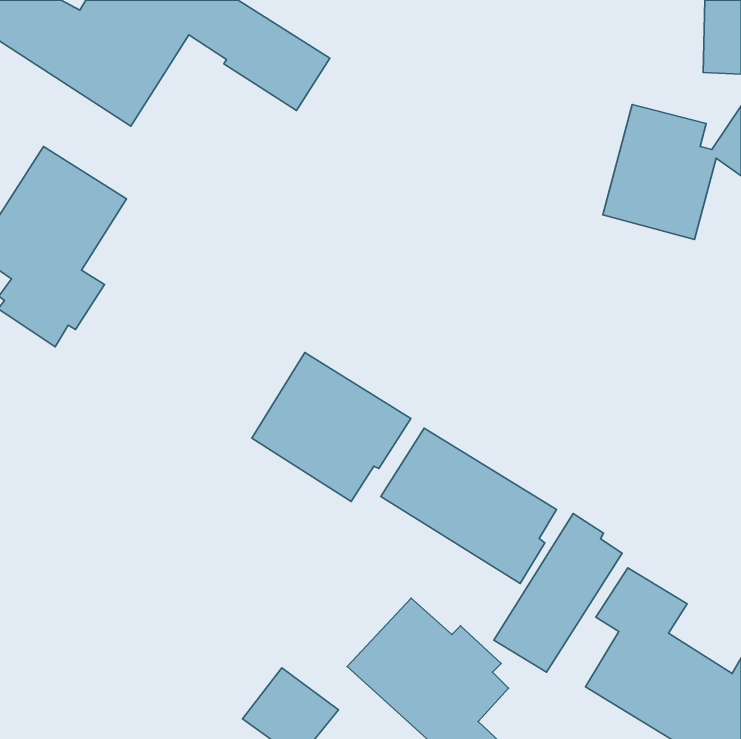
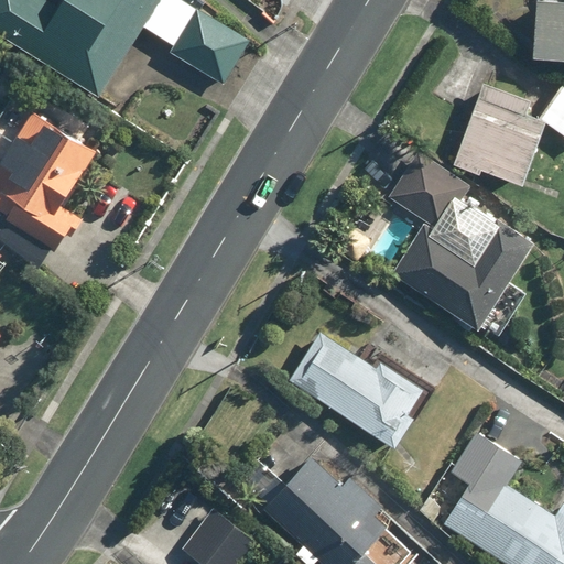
building: none -> [389,153,536,341]
building: [252,352,411,502] -> none
building: [494,513,622,672] -> none

